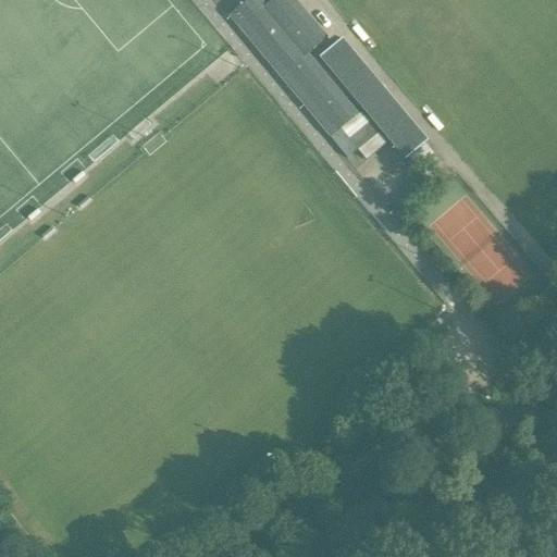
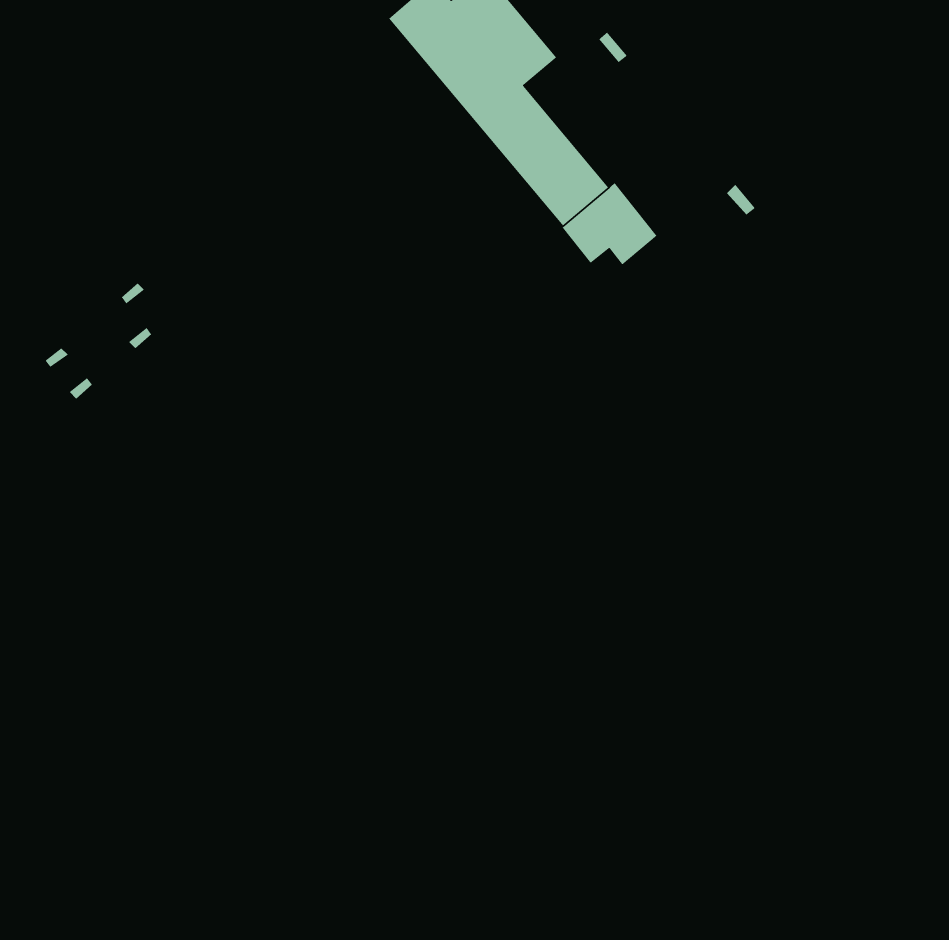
building: [319,34,425,154] -> none

